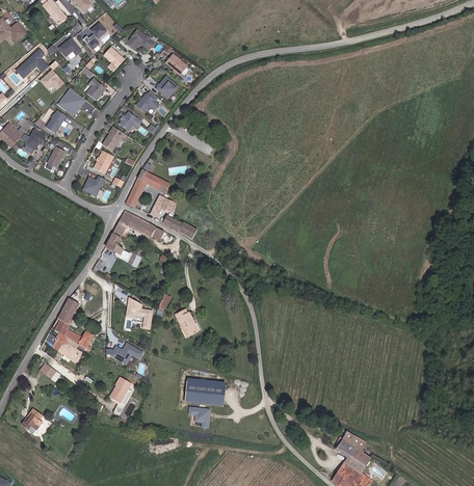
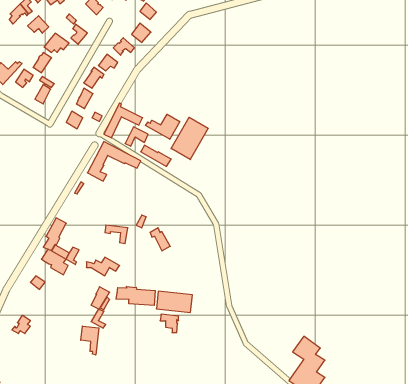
building: none -> [145,114,180,139]
building: none -> [171,117,208,160]
building: none -> [116,286,155,305]
building: none -> [81,326,99,355]

